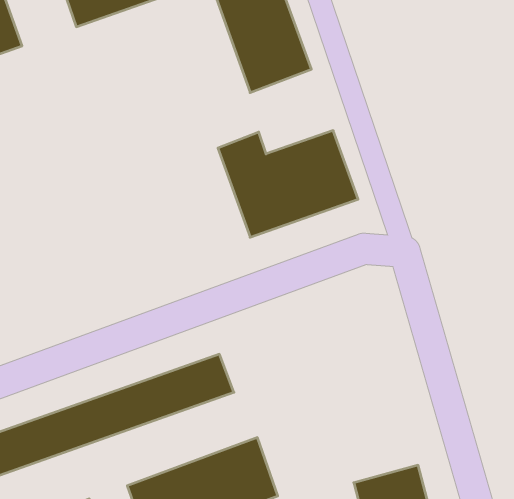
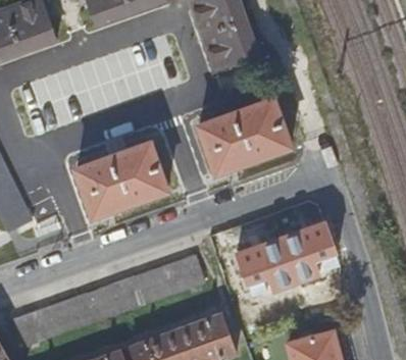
building: none -> [77,143,167,217]
building: none -> [236,223,339,298]

